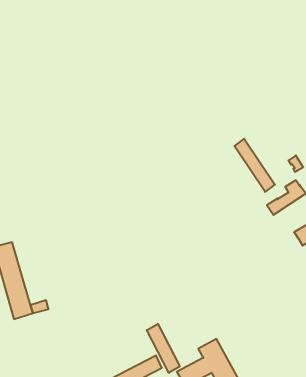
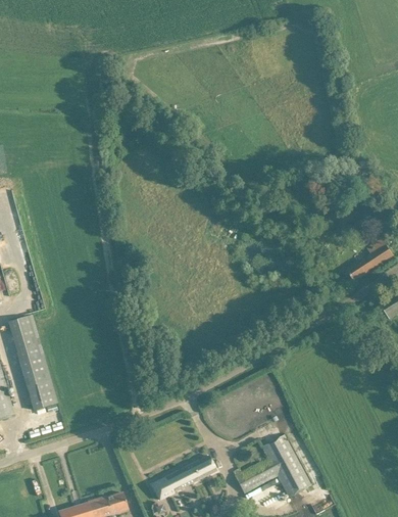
building: [234,139,275,192] -> none
building: [147,324,180,373] -> none

